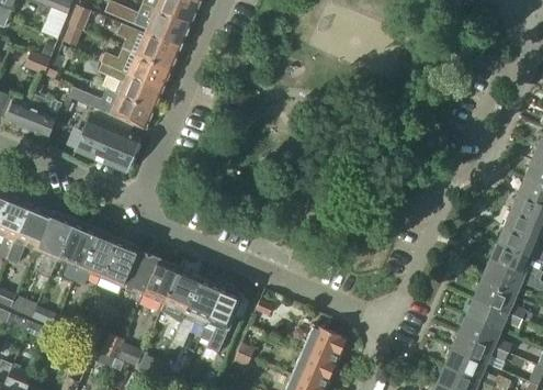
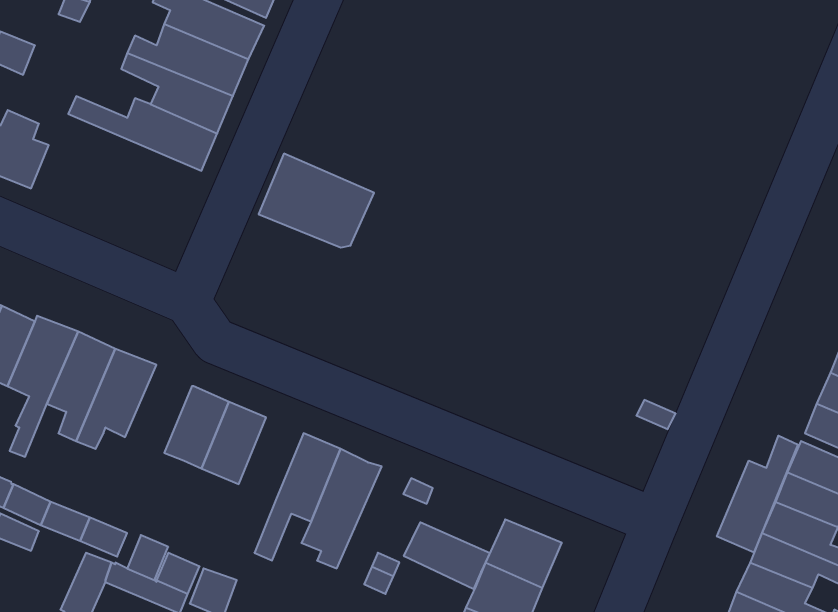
building: [76,116,140,169] -> [259,154,374,248]
building: [101,237,140,287] -> none
building: [165,267,201,313] -> none
building: none -> [717,436,798,552]
building: none -> [404,522,490,589]

